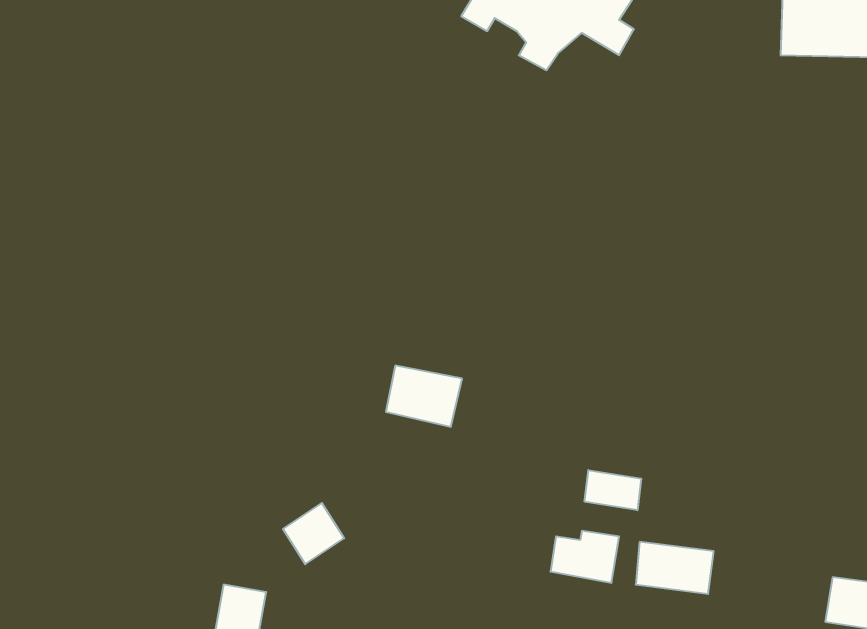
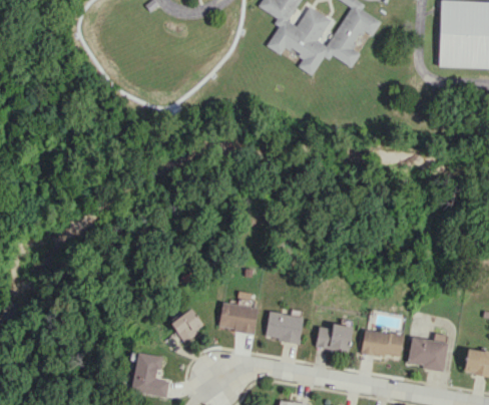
building: [386,366,462,427] -> [217,302,259,335]
building: [585,470,641,510] -> none
building: none -> [265,313,302,343]
building: none -> [408,338,447,369]

